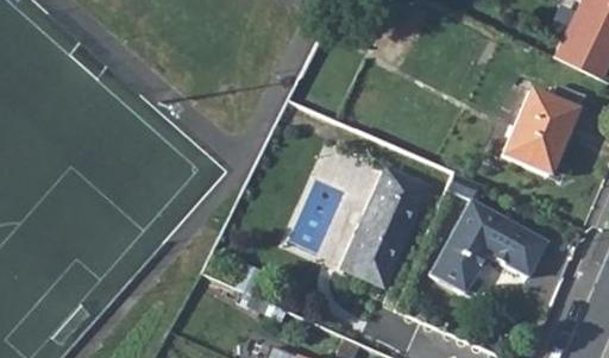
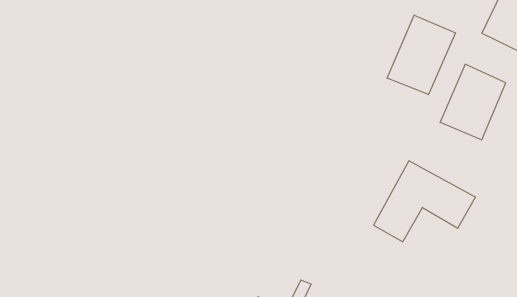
building: none -> [387,15,455,95]
building: [343,170,421,285] -> none

